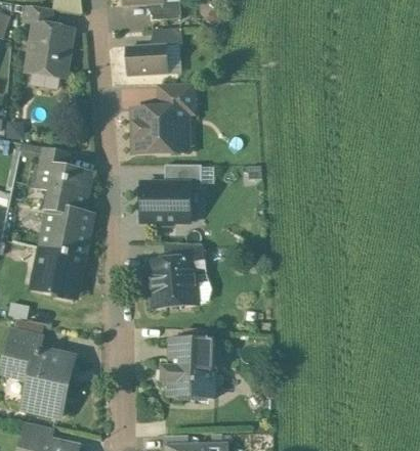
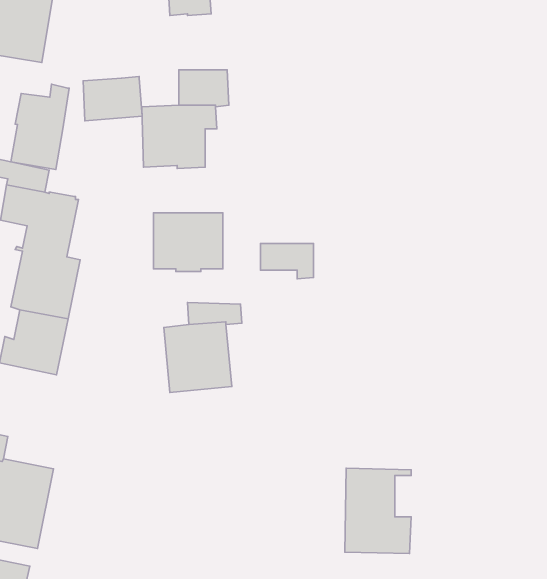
building: [126,44,167,75] -> [83,77,142,121]
building: none -> [11,84,69,169]
building: [164,164,201,188] -> [260,244,313,279]
building: [170,339,216,398] -> [345,468,411,554]

